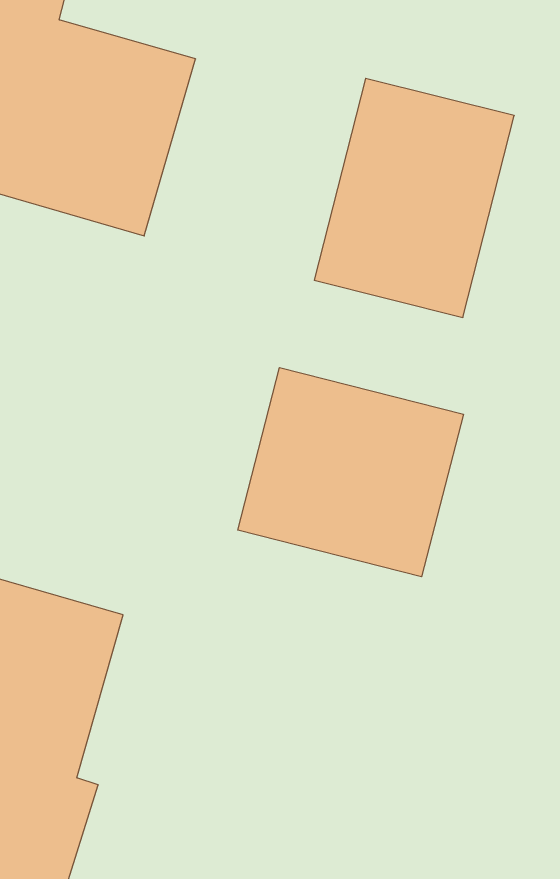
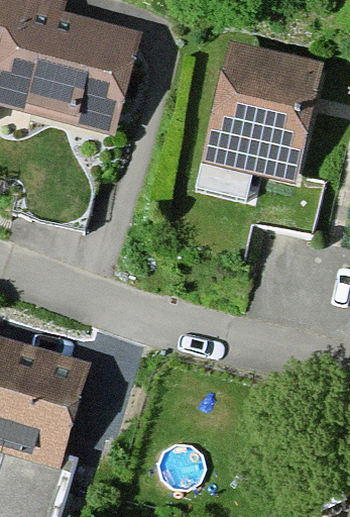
building: [238,368,463,577] -> none

